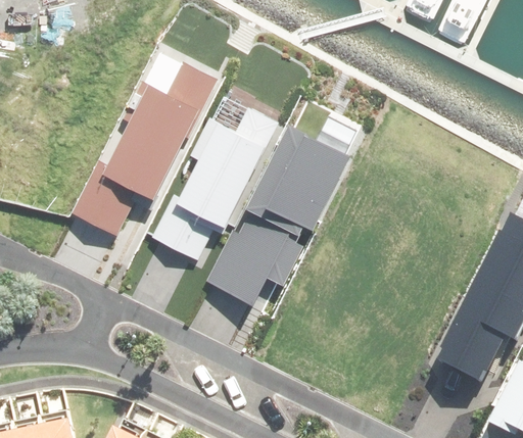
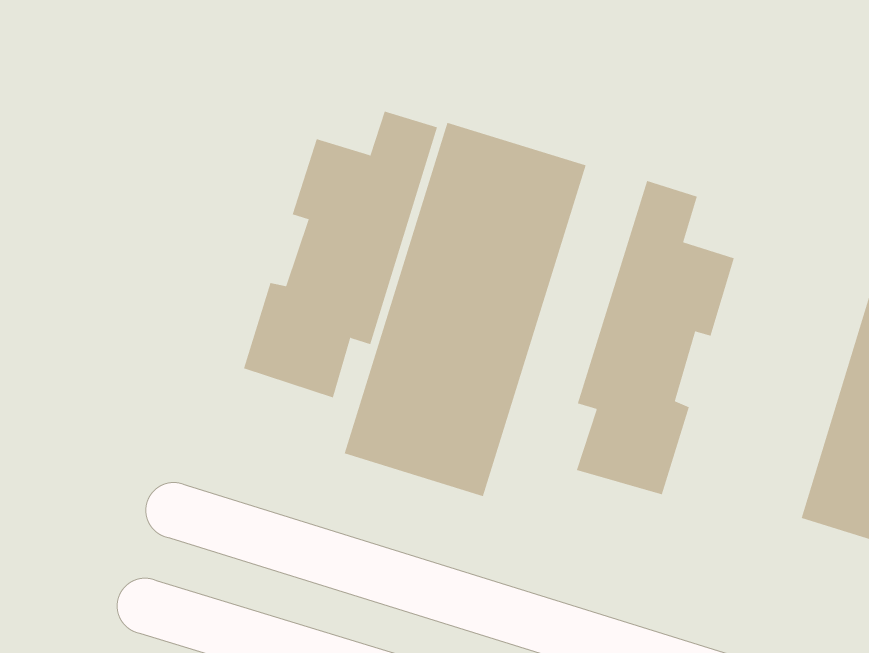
building: [70,45,220,243] -> none
building: none -> [576,180,734,495]

